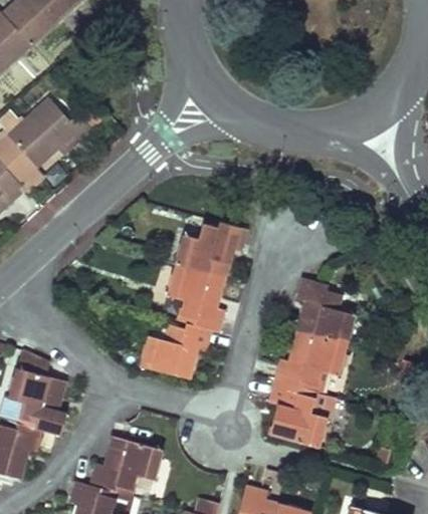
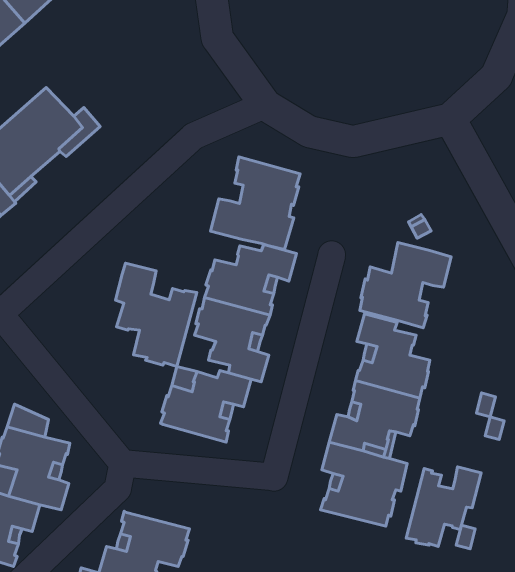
building: none -> [211,157,300,250]
building: none -> [360,242,451,328]
building: none -> [115,263,197,367]
building: none -> [406,467,481,546]

